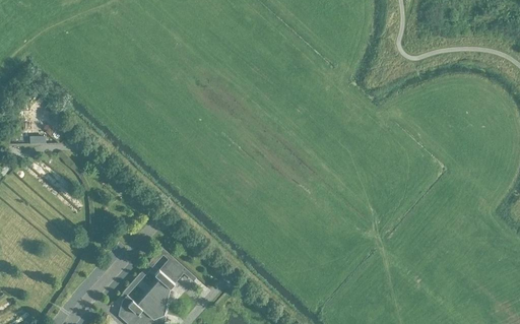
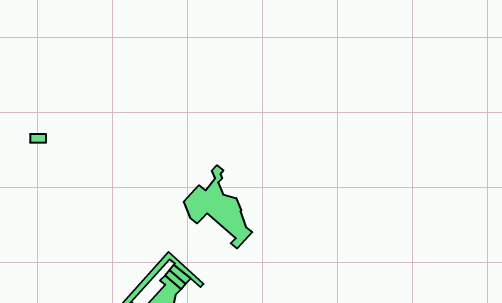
building: none -> [184,165,252,248]

